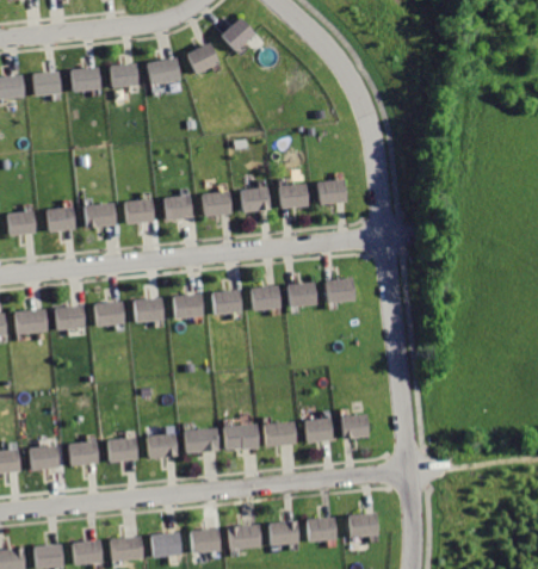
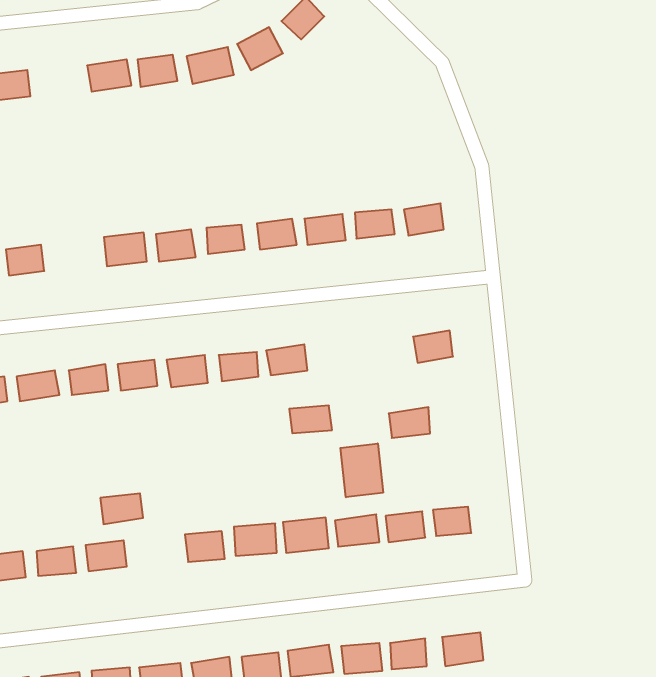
building: [32,72,62,98] -> none
building: [45,206,75,231] -> none
building: [285,282,317,305] -> [389,407,430,438]
building: [247,286,280,308] -> [289,406,332,433]
building: none -> [340,443,383,497]
building: [106,438,140,462] -> [100,493,143,524]

